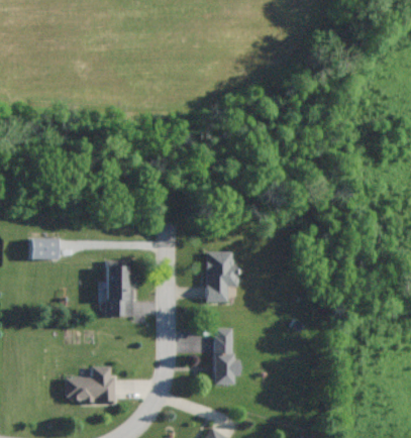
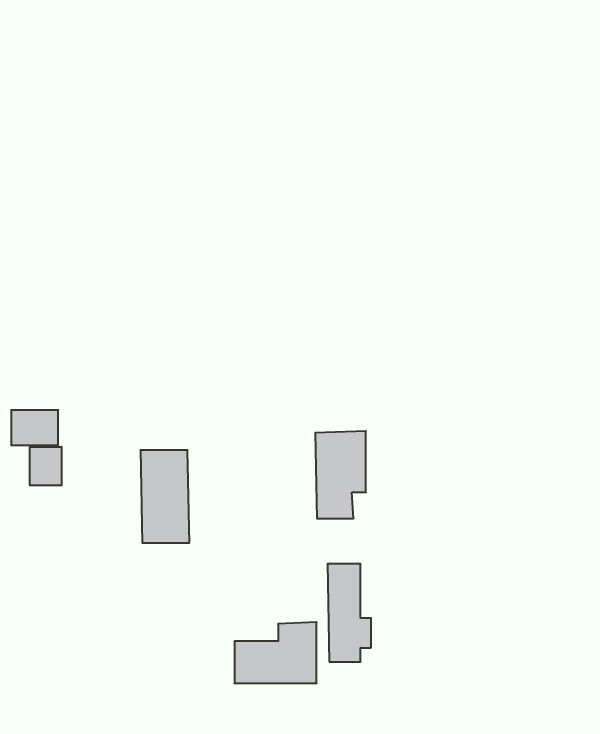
building: none -> [30,447,62,485]
building: [65,366,112,402] -> [234,622,317,683]

